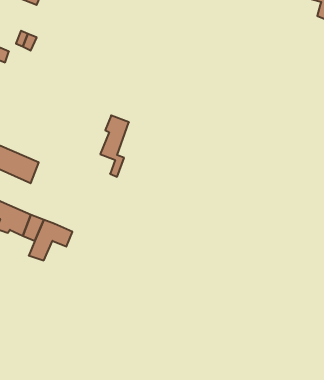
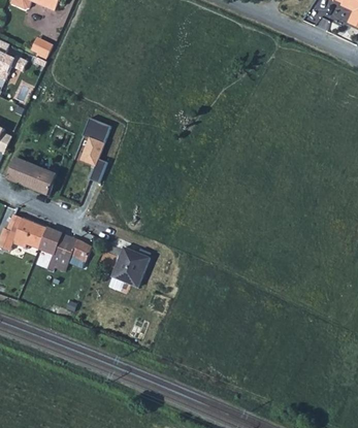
building: [100,115,129,177] -> [79,120,109,184]
building: none -> [112,248,150,288]

